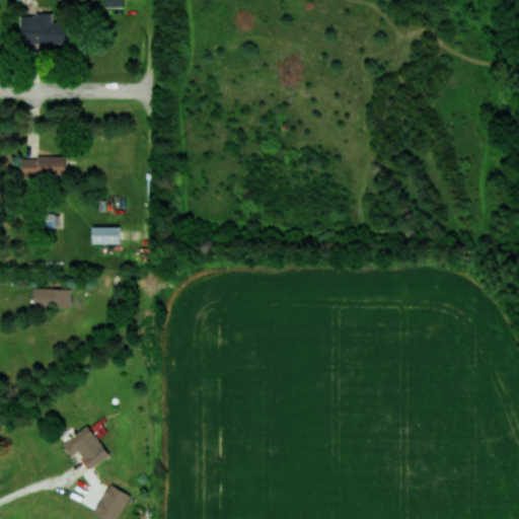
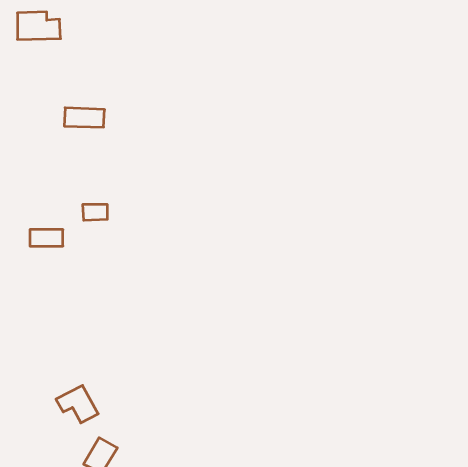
building: [21,157,66,178] -> [64,108,105,127]
building: [33,290,70,308] -> [30,230,63,246]

